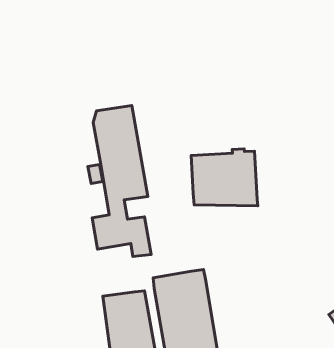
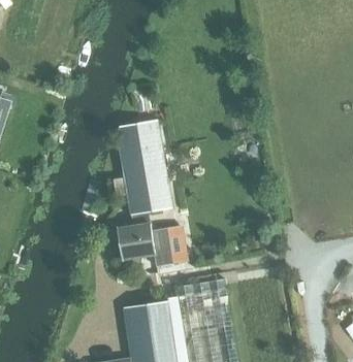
building: [191,149,258,206] -> none

